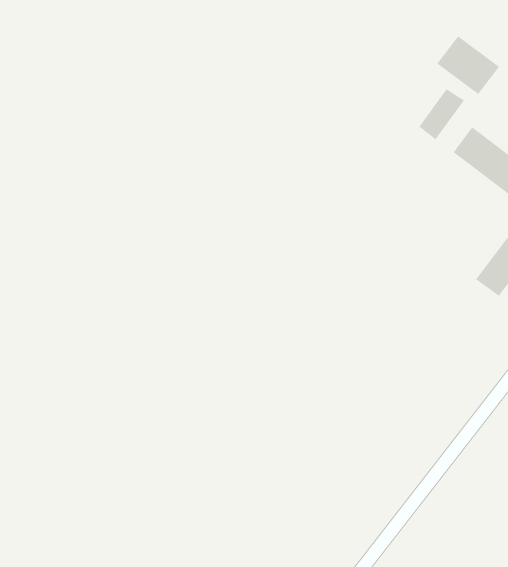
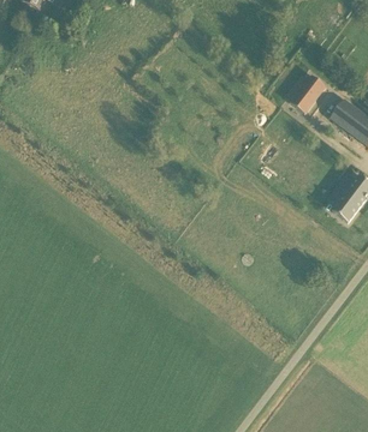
building: [436,36,500,95] -> none

